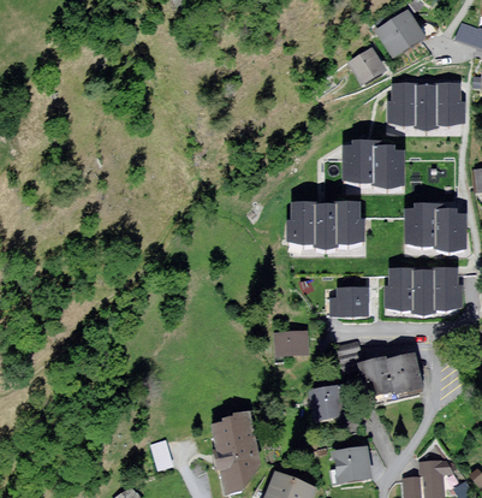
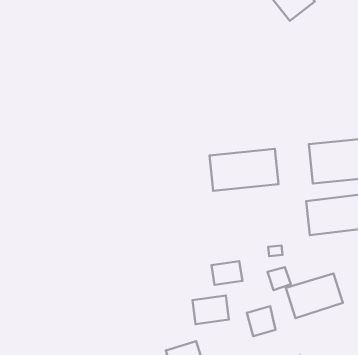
building: [347,49,386,87] -> none
building: [383,87,460,124] -> none
building: [340,144,405,189] -> none
building: [331,283,373,315] -> none
building: none -> [192,295,229,324]

